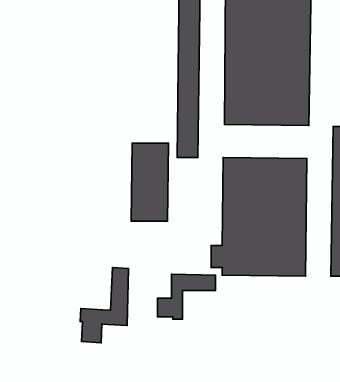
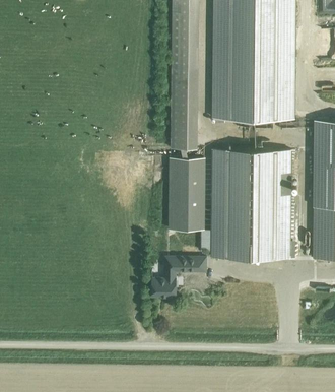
building: [131,143,169,221] -> [170,159,204,232]
building: [80,267,129,343] -> none

